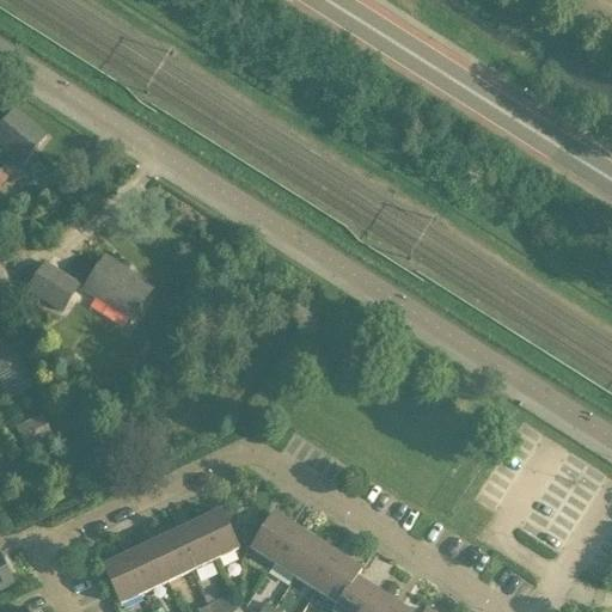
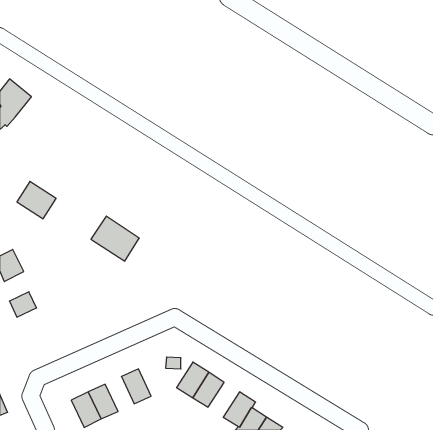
building: [82,256,151,319] -> [91,216,139,261]
building: [195,508,237,558] -> none
building: [148,531,189,580] -> none
building: [293,539,337,588] -> none

